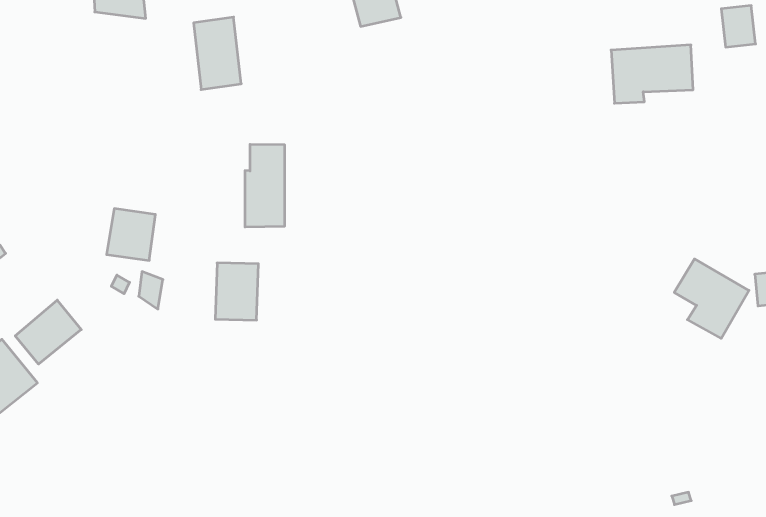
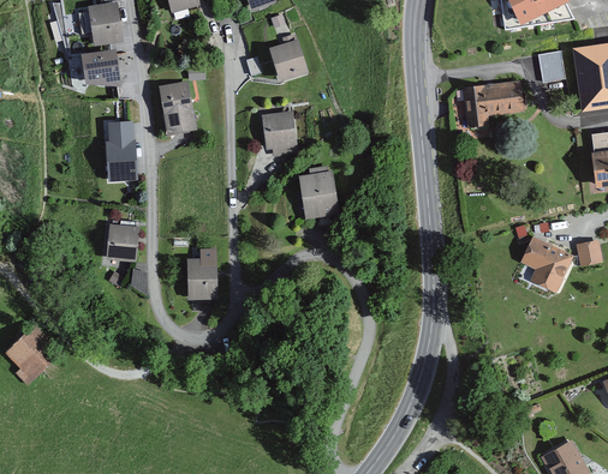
building: none -> [261,112,299,157]
building: [245,144,285,227] -> [106,119,137,180]
building: none -> [298,169,338,216]
building: [15,300,81,364] -> none

